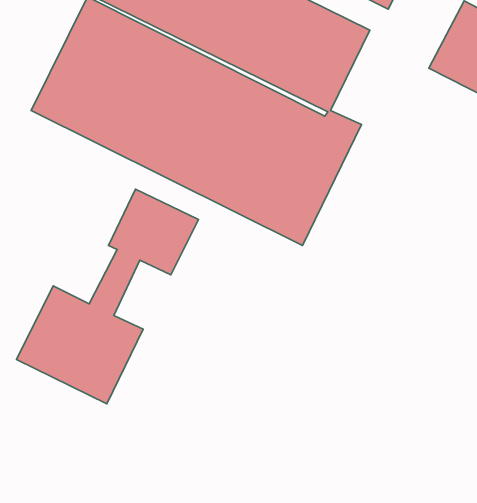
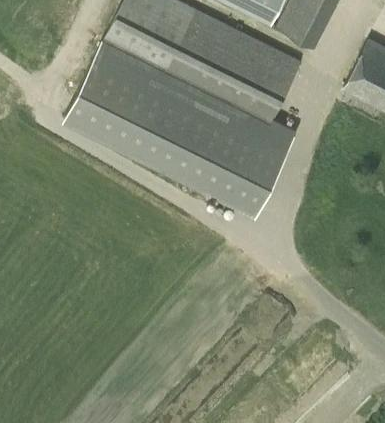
building: [17,189,198,404] -> none

